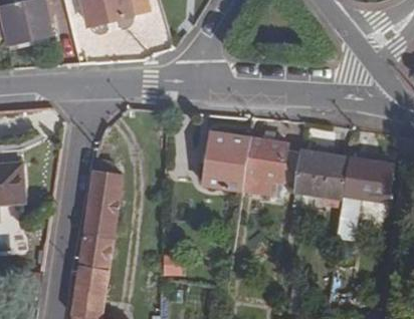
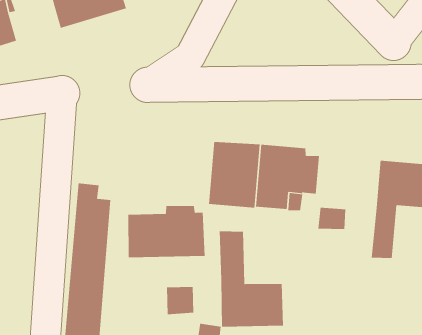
building: [293,149,350,197] -> none
building: none -> [128,205,205,258]
building: none -> [219,231,283,327]

